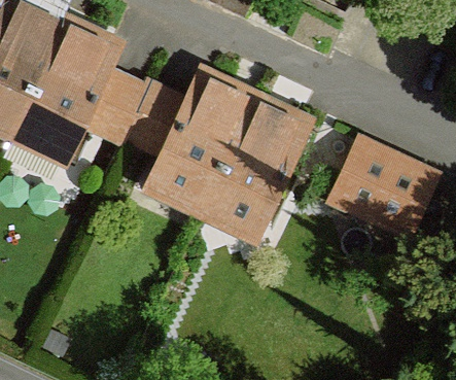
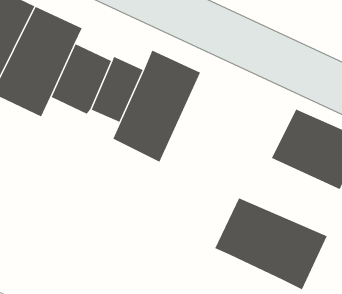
building: [207,102,309,230] -> none
building: none -> [215,197,327,290]

